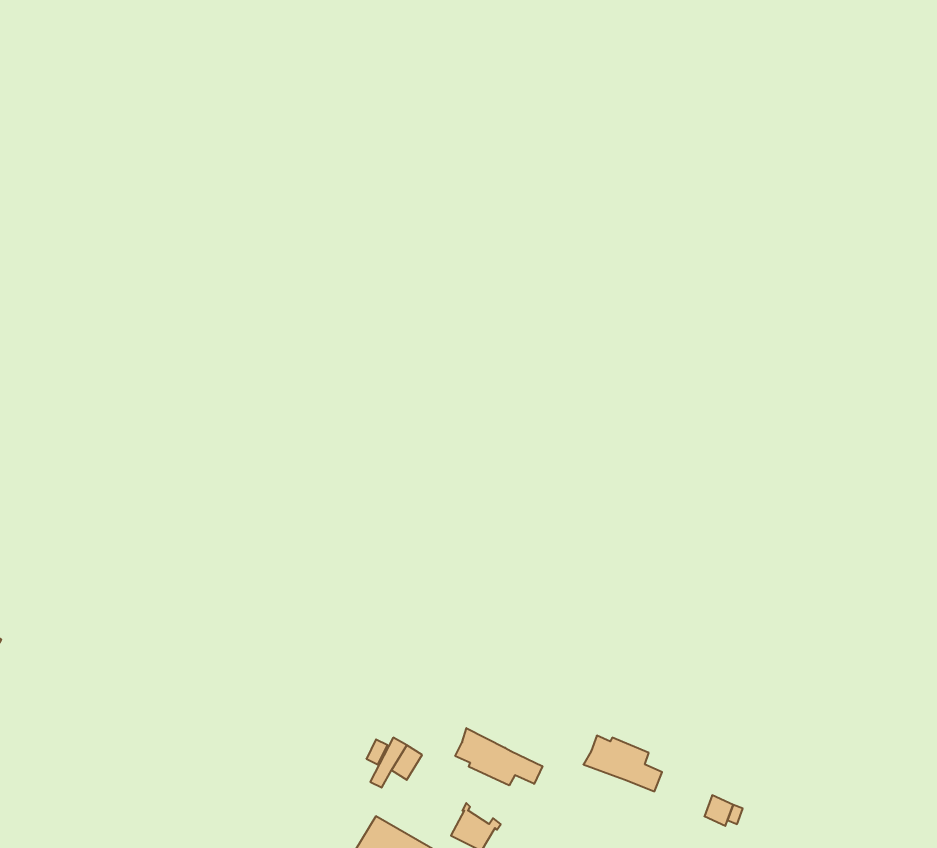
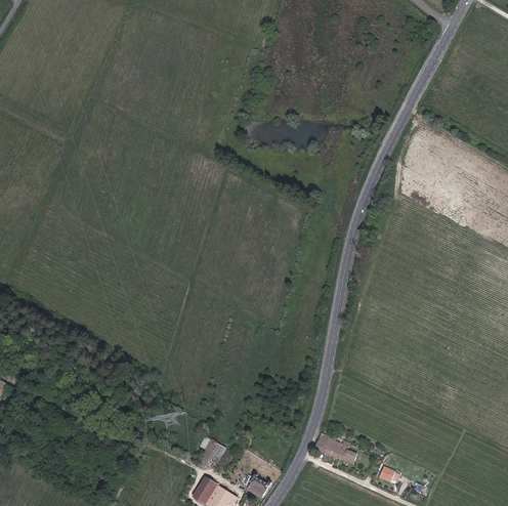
building: [455,728,542,785] -> none

